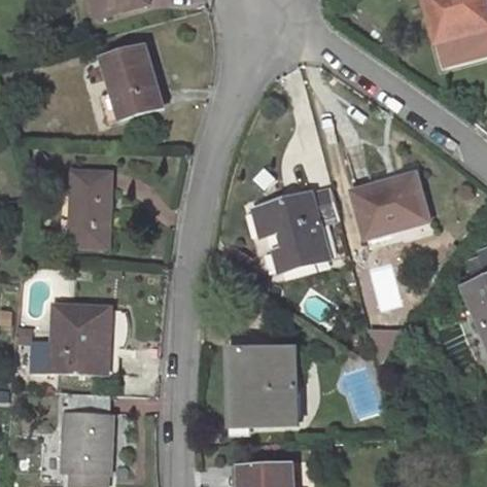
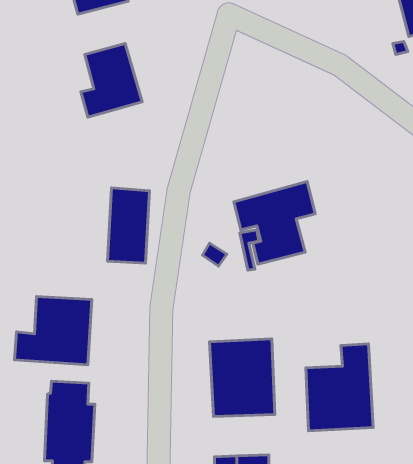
building: [68,170,111,247] -> [107,188,150,263]
building: [353,175,427,238] -> none
building: none -> [306,344,373,431]

